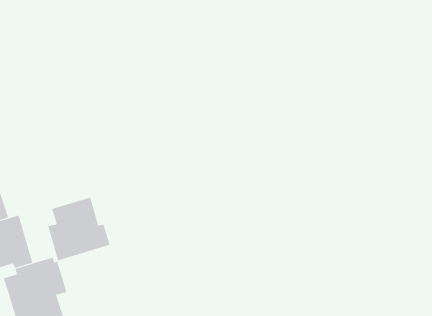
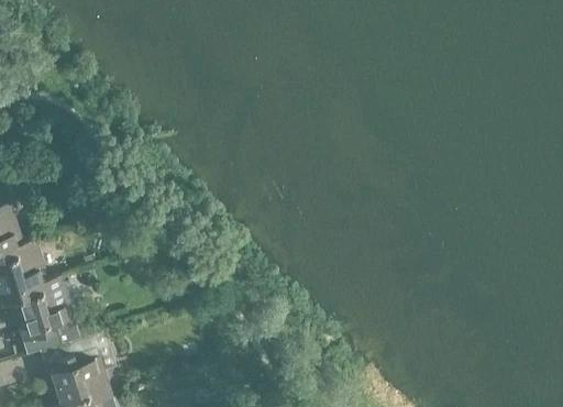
building: [47,197,110,261] -> none

